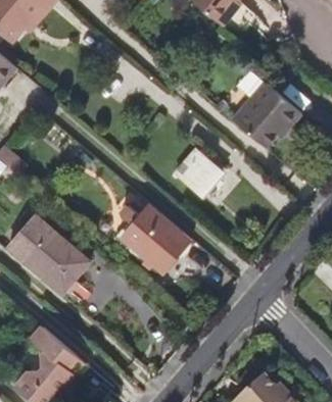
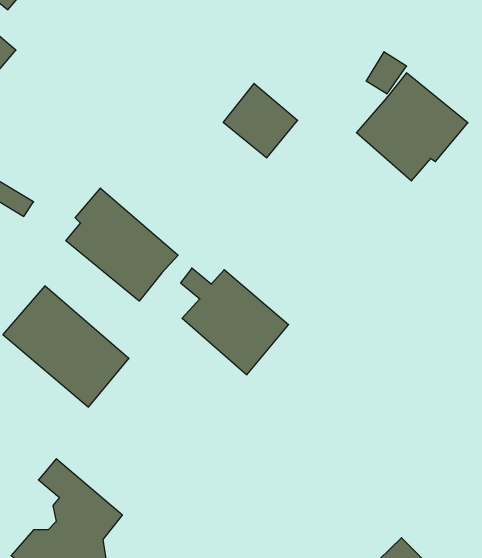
building: [175,148,222,195] -> [223,83,298,158]
building: none -> [66,188,178,301]

